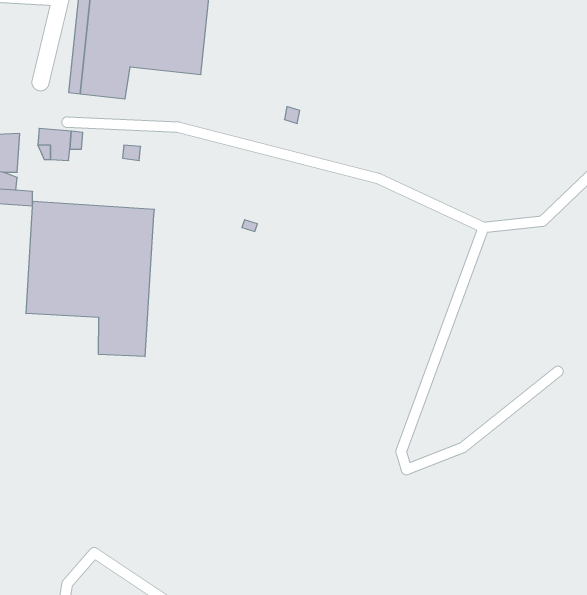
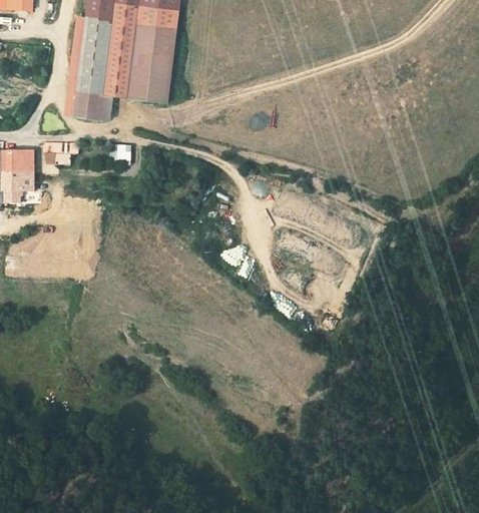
building: [26,201,154,357] -> none

